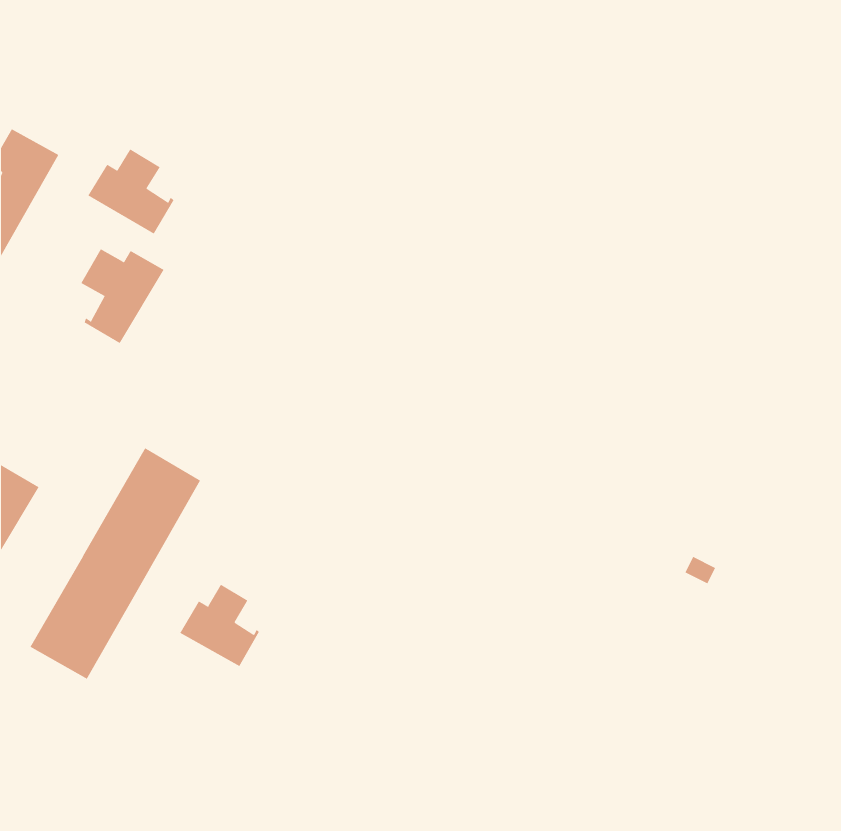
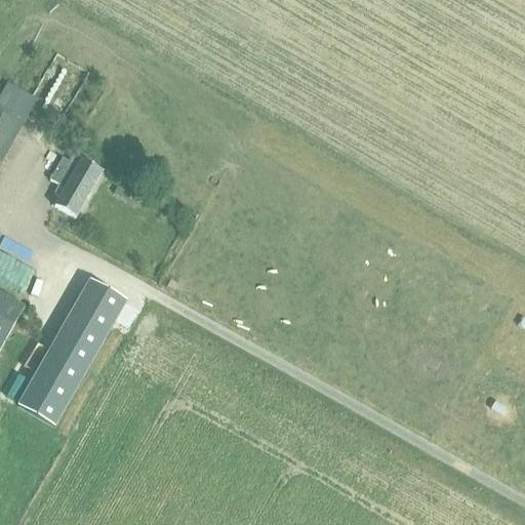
building: [87,148,174,234] -> none
building: [180,584,260,667] -> none

